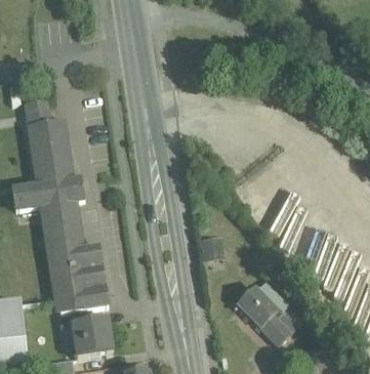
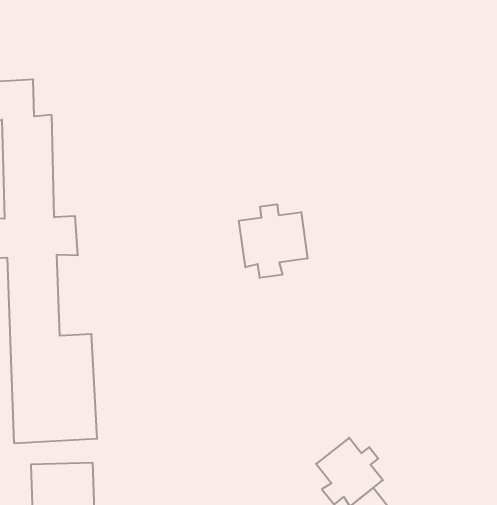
building: none -> [239,204,308,278]

